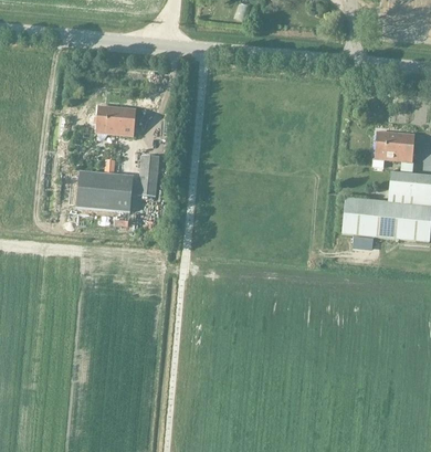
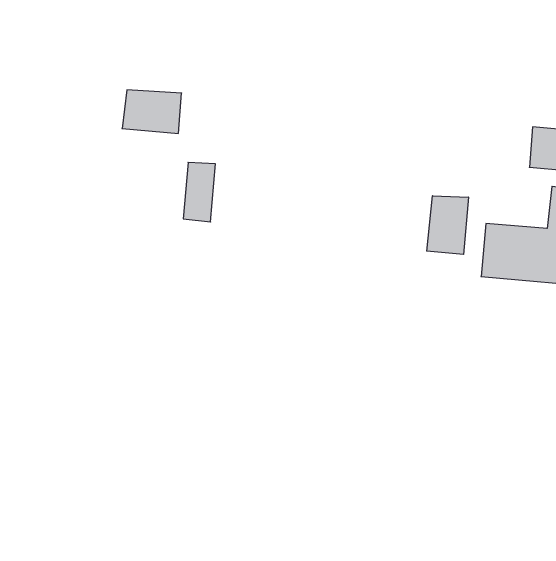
building: [76,158,134,211] -> none
building: none -> [427,196,468,254]

